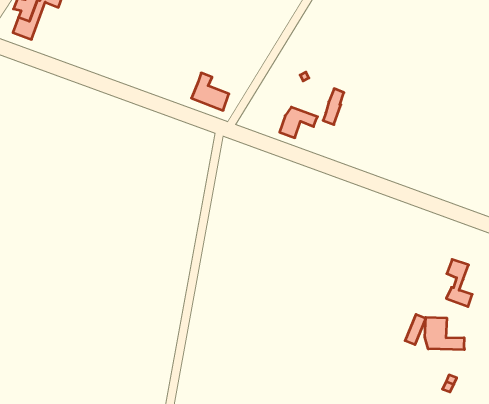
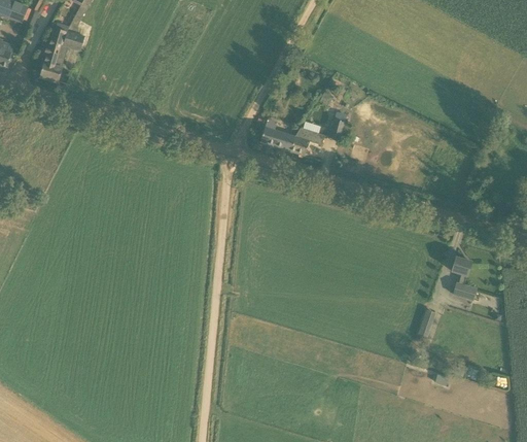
building: [191,73,229,110] -> [259,117,293,150]
building: [425,317,464,350] -> none

